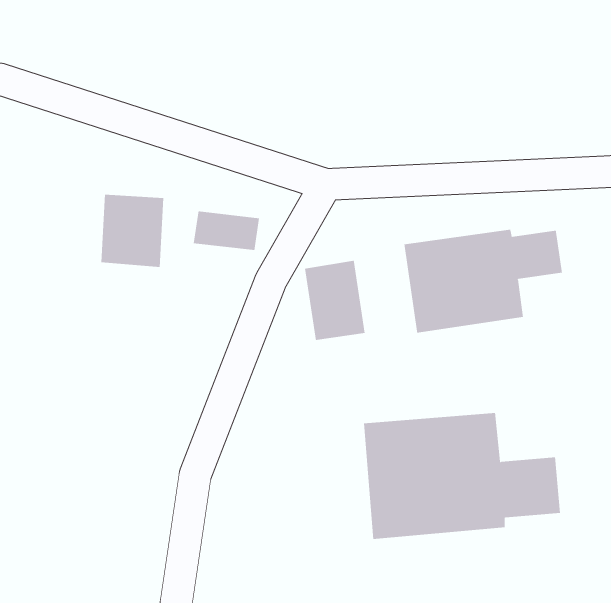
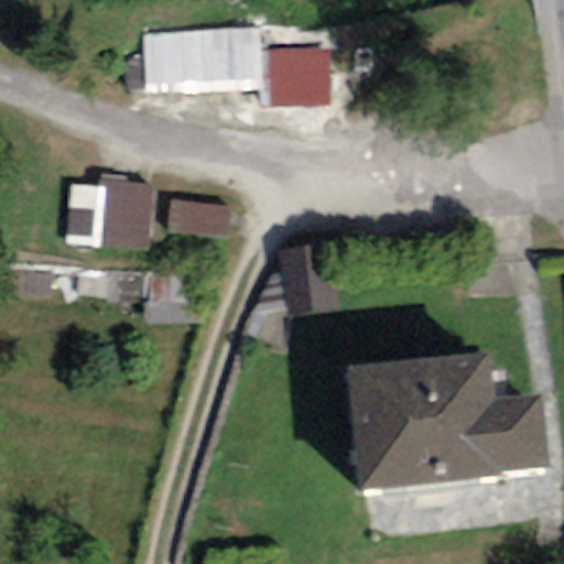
building: none -> [150,26,333,105]
building: [404,229,563,333] -> none

